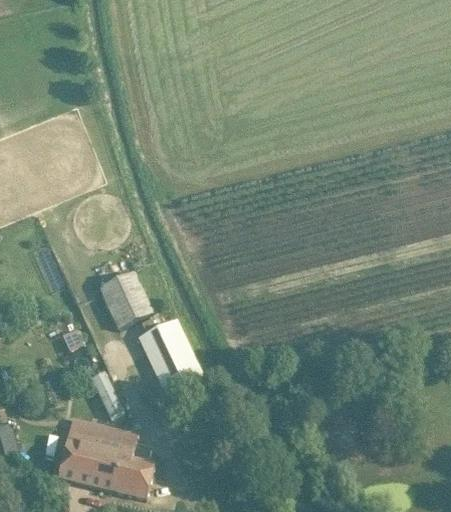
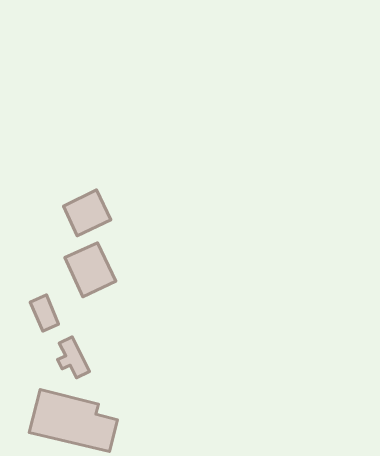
building: none -> [63,190,111,236]
building: [139,319,200,394] -> none

